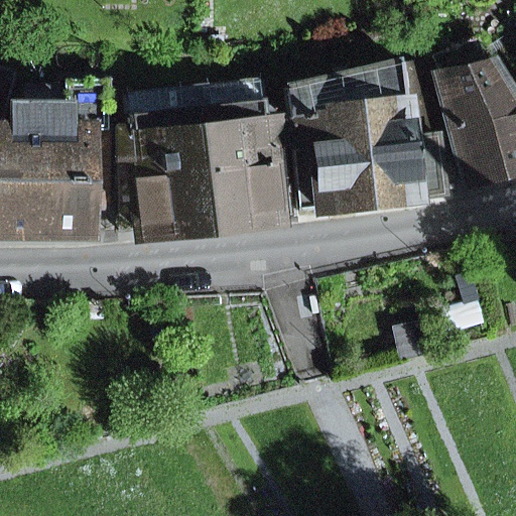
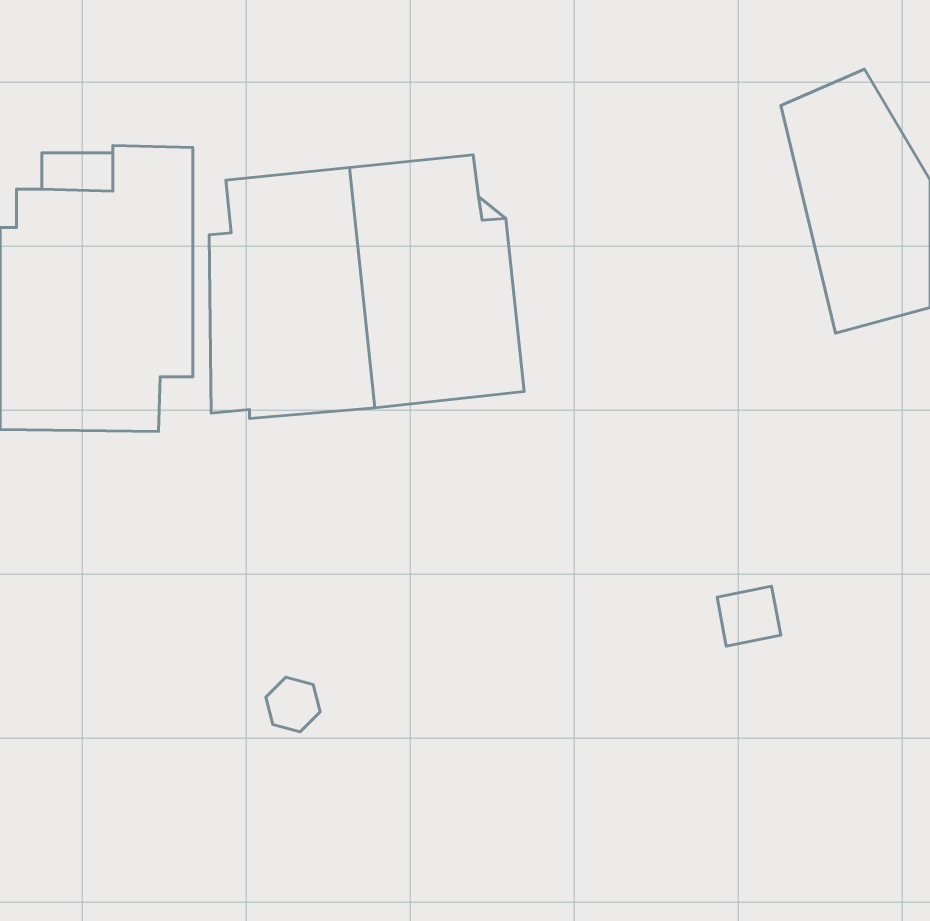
building: [283,66,454,220] -> none

